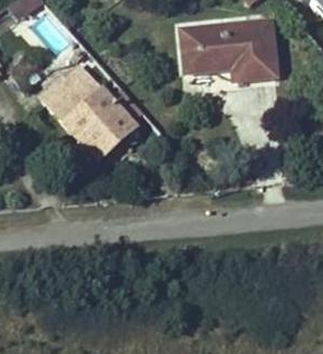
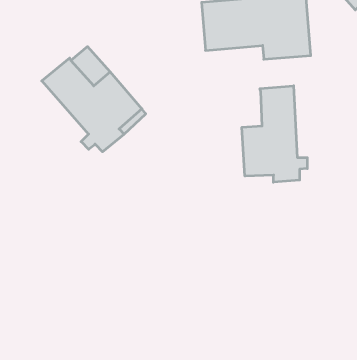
building: none -> [242,86,307,182]

